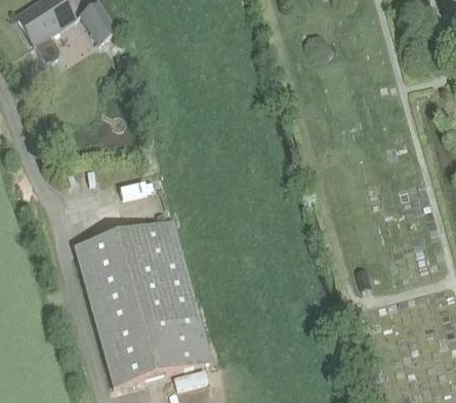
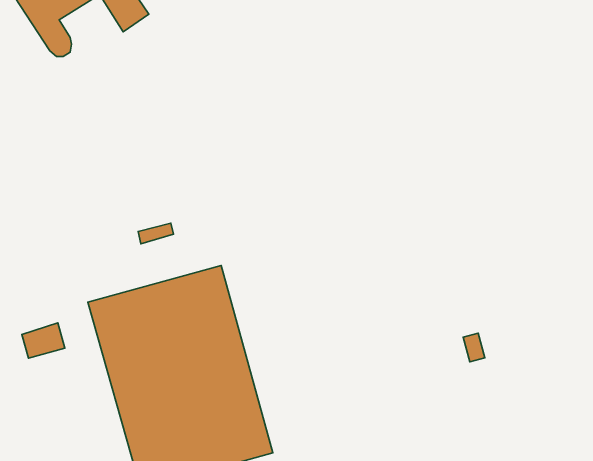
building: none -> [22,323,65,358]

